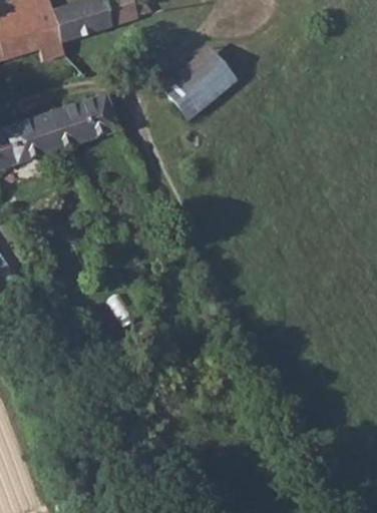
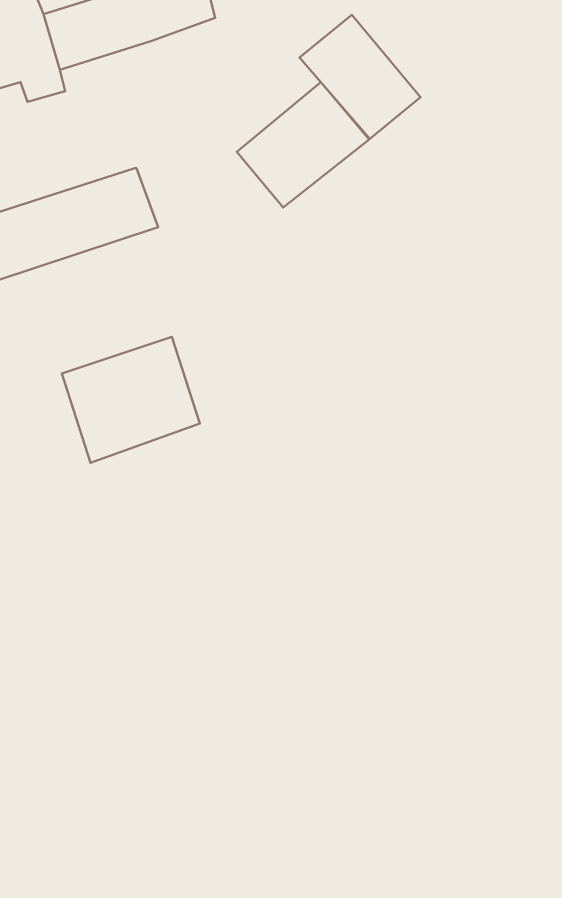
building: none -> [299,15,420,139]
building: none -> [62,337,200,463]

